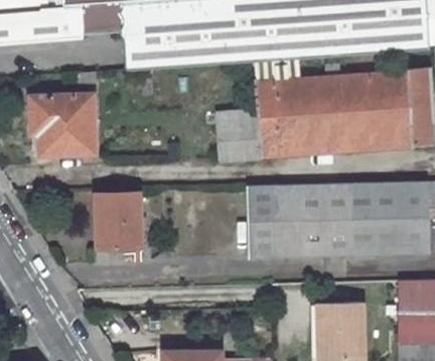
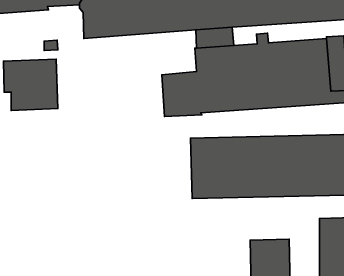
building: [96,192,145,263] -> none

